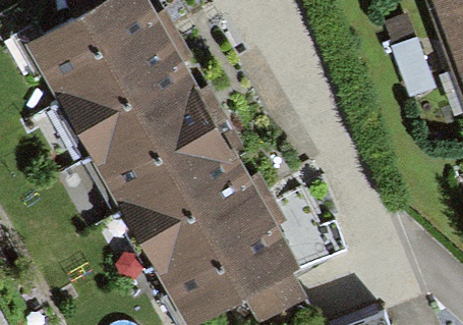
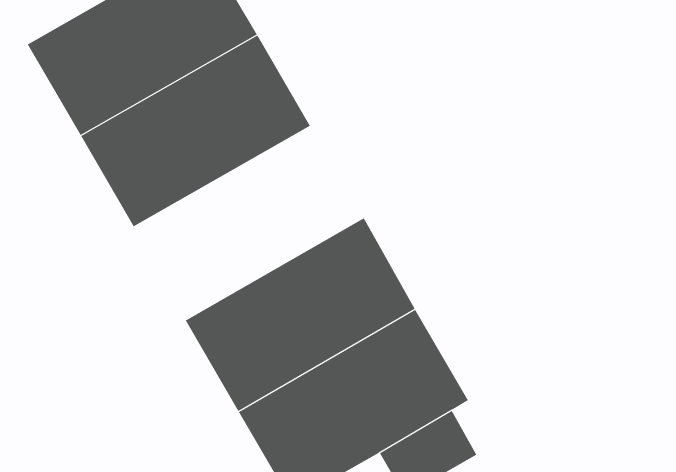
building: [94,94,235,213] -> none

